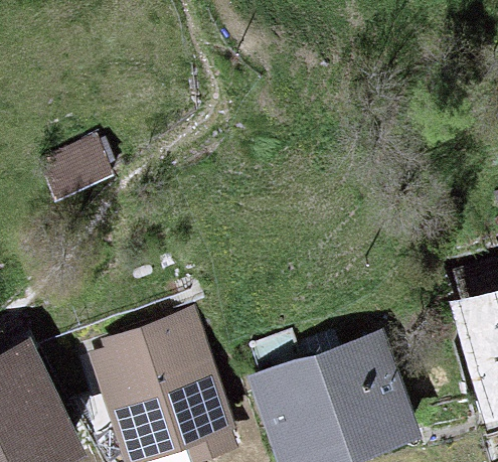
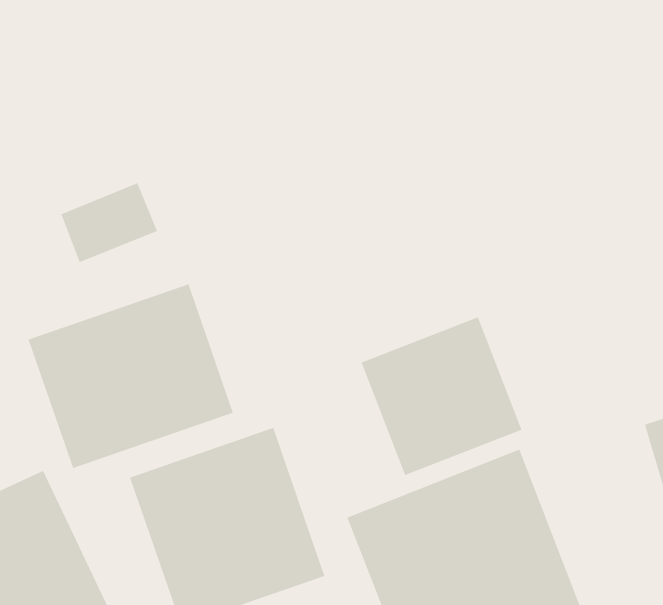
building: none -> [28,283,234,469]
building: none -> [361,317,522,476]

